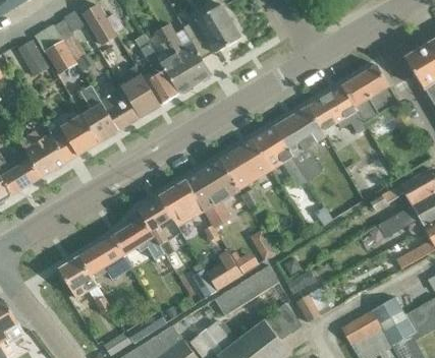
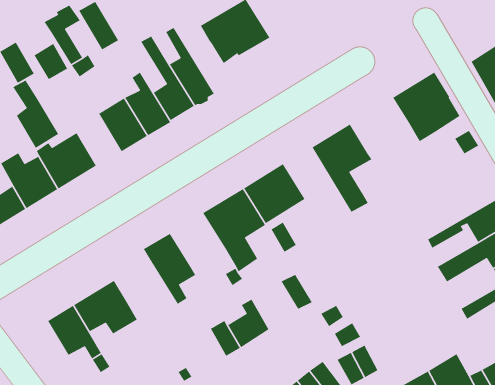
building: [162,23,212,82] -> none
building: [79,84,118,141] -> [12,79,59,149]
building: [307,85,367,133] -> none
building: [252,126,308,186] -> none
building: [159,180,204,226] -> none
building: [113,218,163,258] -> none
building: [214,264,278,315] -> none

